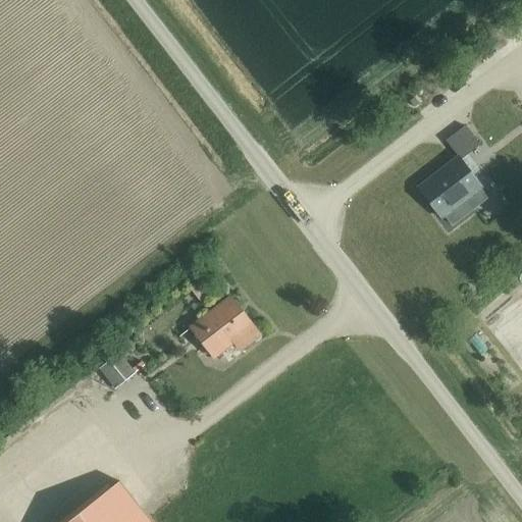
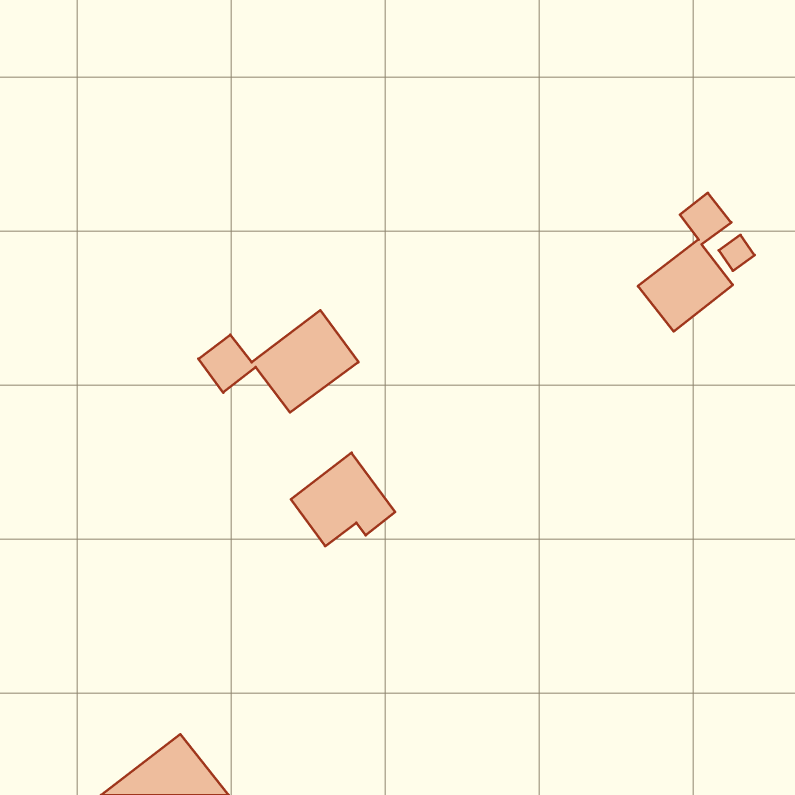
building: none -> [198,310,358,412]
building: [100,354,134,388] -> none

